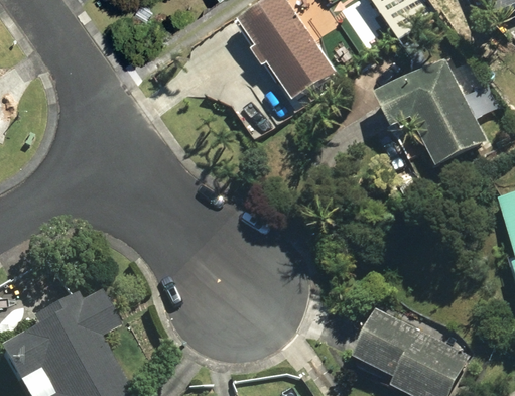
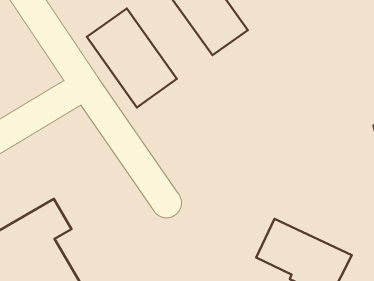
building: none -> [87,8,177,107]
building: [375,63,492,171] -> none

